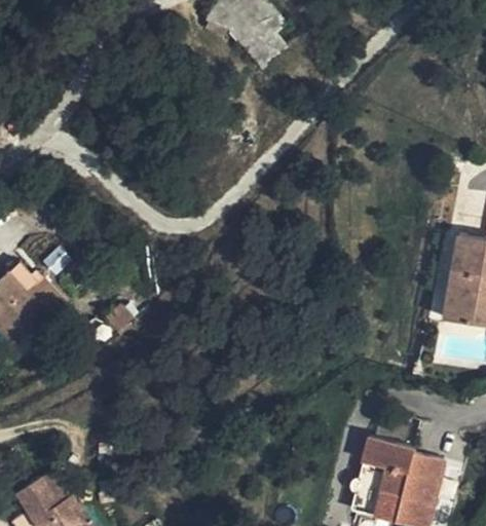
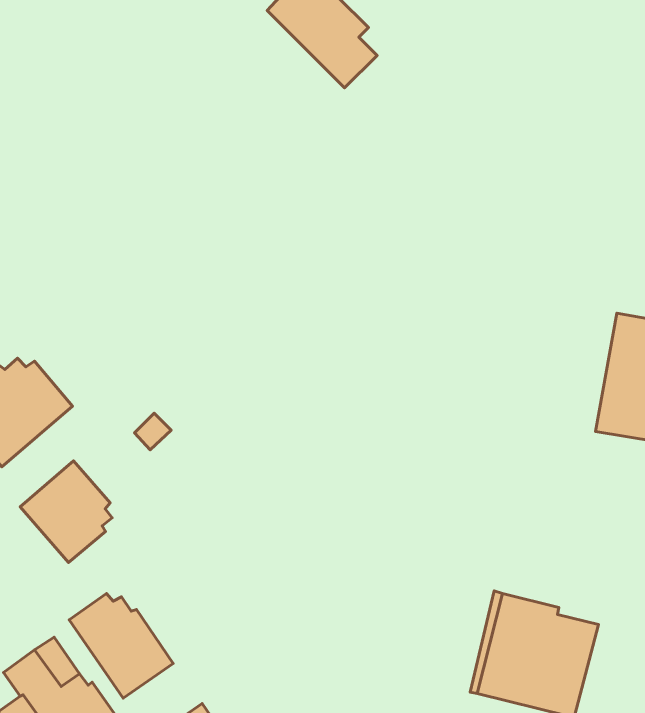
building: none -> [20,461,112,562]
building: none -> [69,593,173,698]

